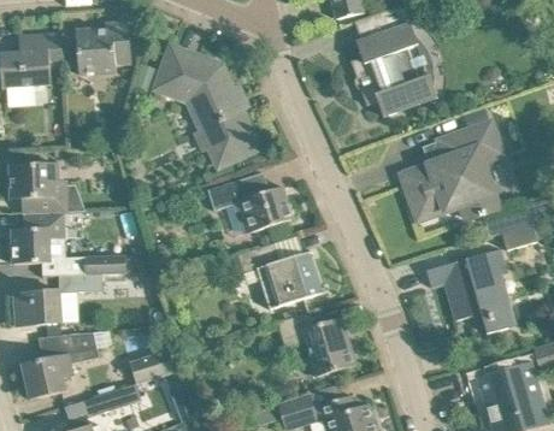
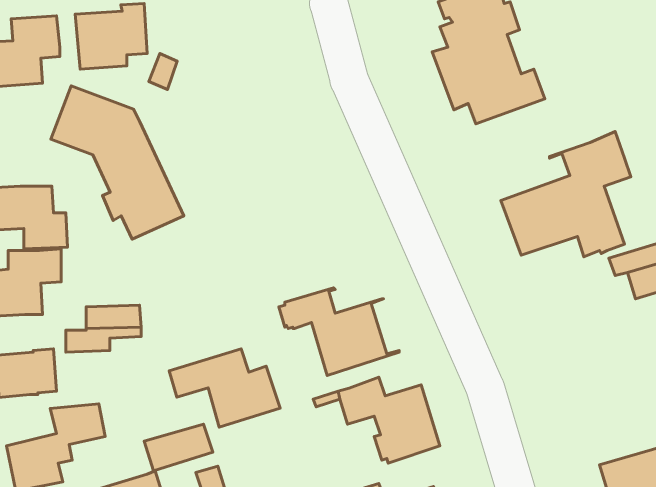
building: [155,47,258,165] -> [51,86,184,239]
building: [207,172,293,232] -> [169,349,280,427]
building: [425,248,515,332] -> none

